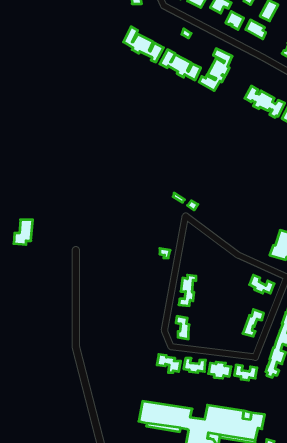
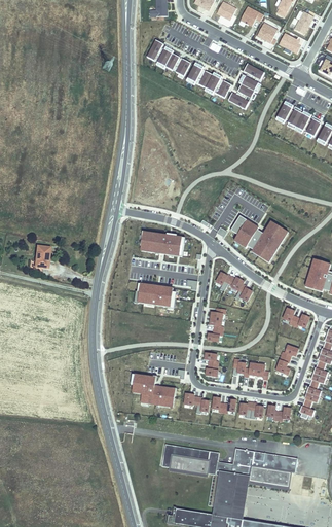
building: none -> [230,215,287,260]
building: none -> [141,233,184,256]
building: none -> [216,272,252,302]
building: none -> [134,283,175,306]
building: none -> [231,358,268,380]
building: none -> [133,375,176,408]

